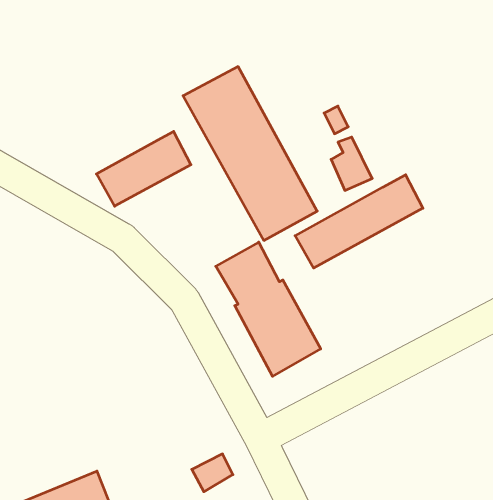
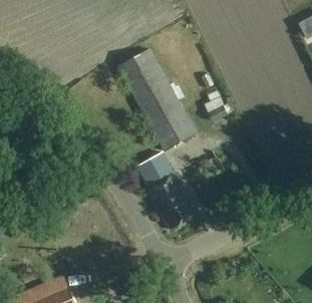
building: [96,131,191,206] -> none
building: [295,175,423,268] -> none

